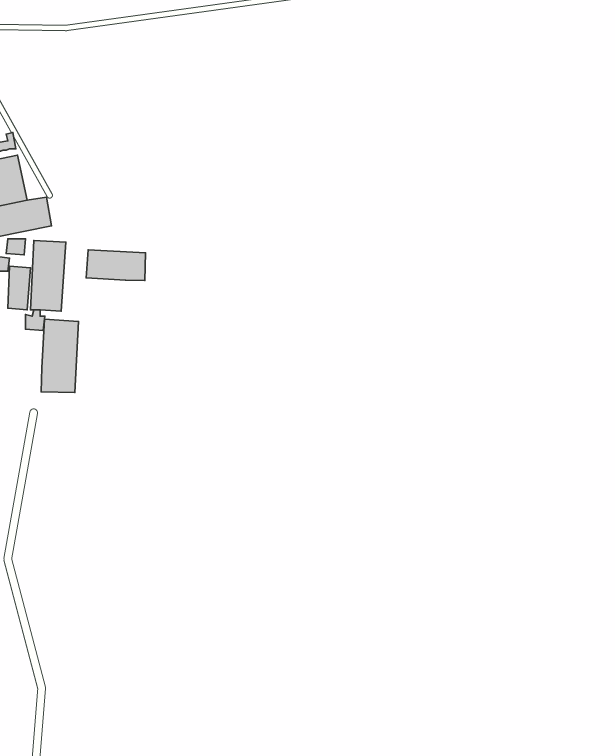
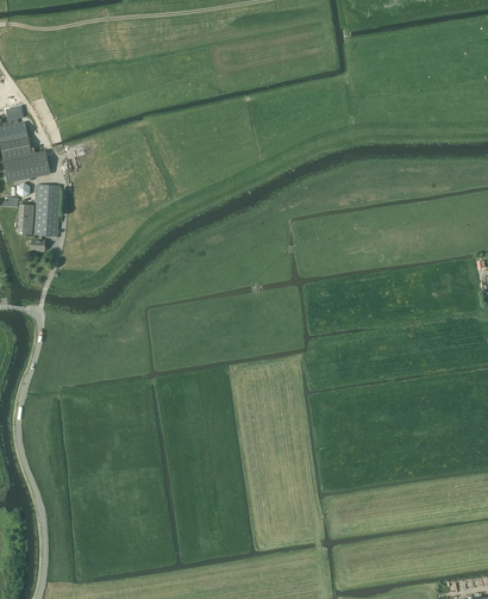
building: [86,250,145,281] -> none
building: [41,319,78,392] -> none

